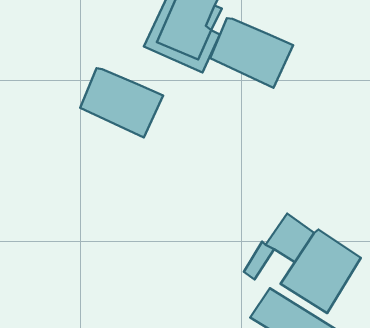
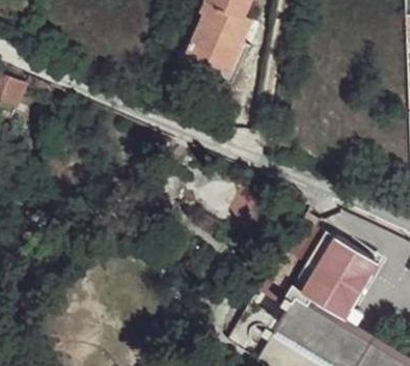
building: [210,18,293,88] -> none
building: [80,68,163,138] -> none

